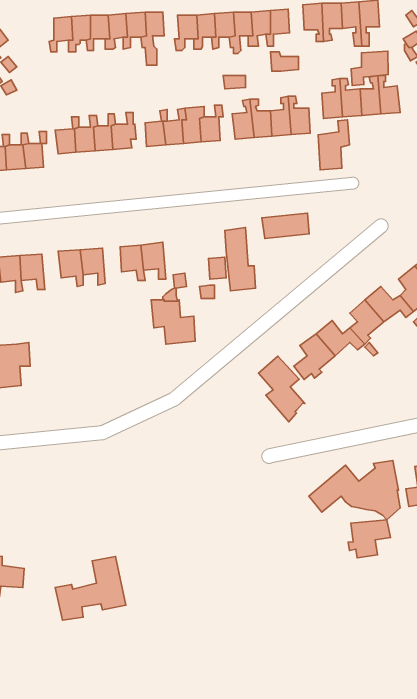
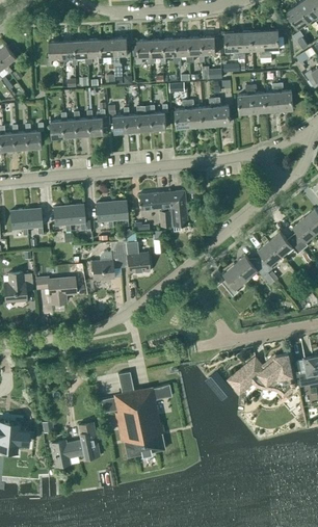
building: [351,51,388,85] -> none
building: [318,120,350,170] -> none
building: [262,213,309,238] -> [137,192,170,210]
building: none -> [90,241,120,282]
building: none -> [35,278,75,304]
building: [258,356,305,422] -> none
building: none -> [100,372,171,457]
building: [348,520,391,558] -> none

